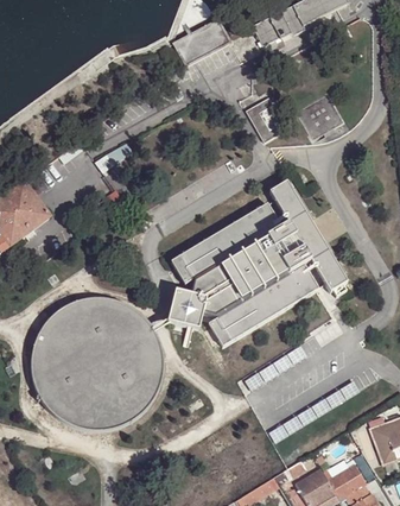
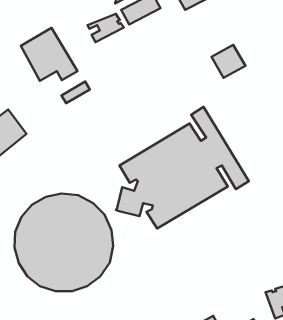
building: none -> [87,14,124,42]
building: none -> [21,28,77,81]
building: [246,99,286,143] -> none

